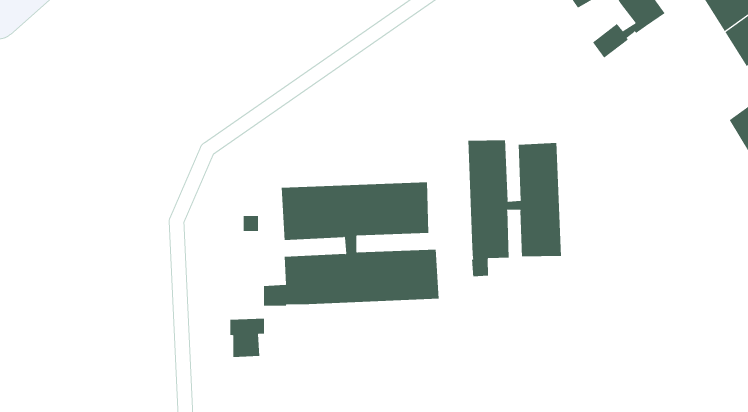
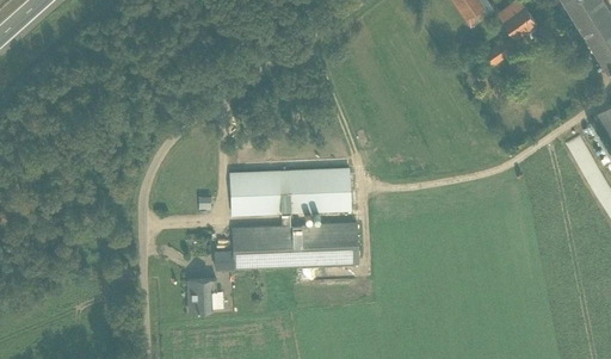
building: [468,140,561,277] -> none

